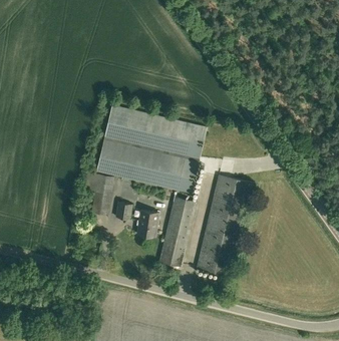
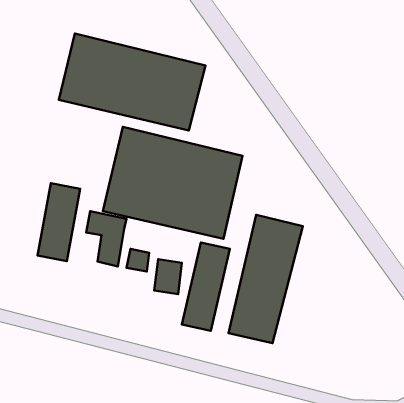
building: none -> [59,34,205,131]
building: none -> [37,183,80,261]

